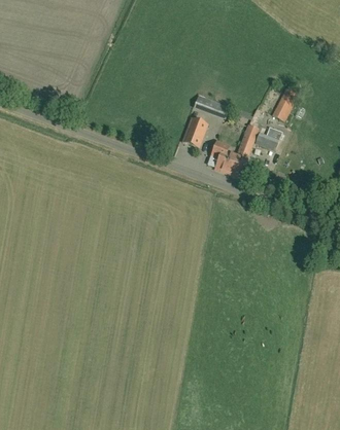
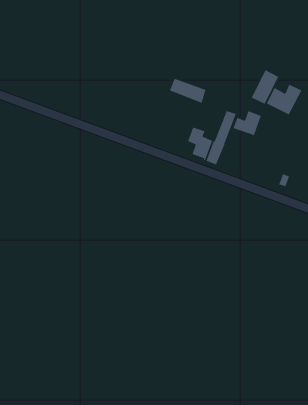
building: none -> [266,83,302,116]
building: [182,117,207,148] -> none

